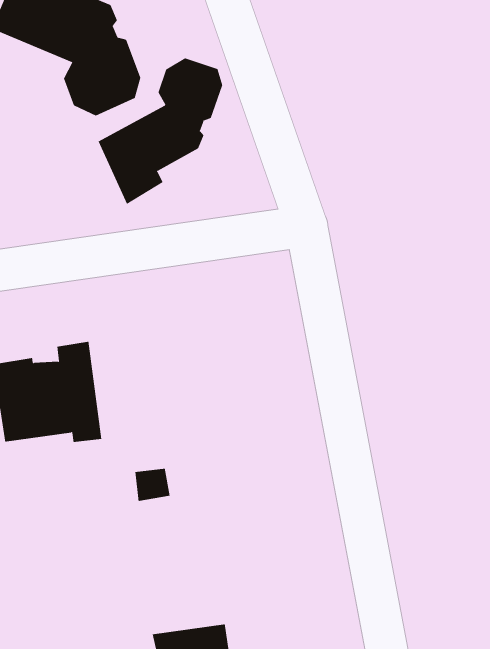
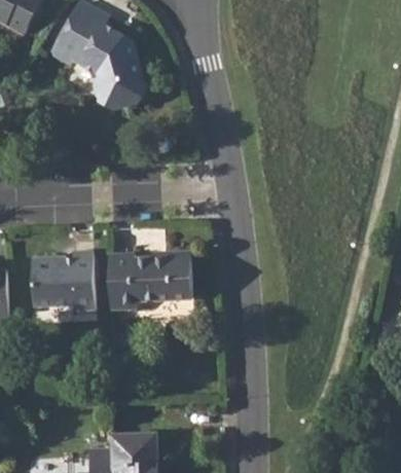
building: [98,58,223,205] -> none
building: none -> [109,253,194,310]

